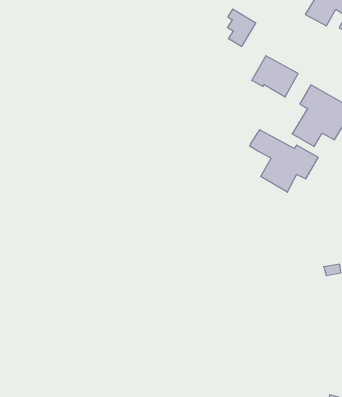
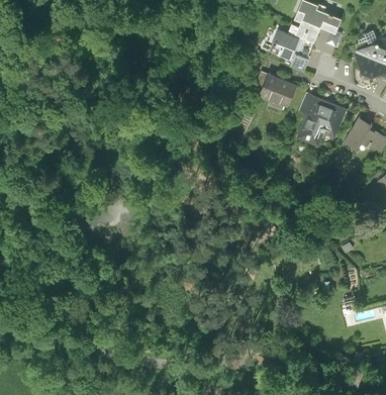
building: [228,9,256,46] -> [274,29,298,60]
building: [250,130,318,192] -> none

